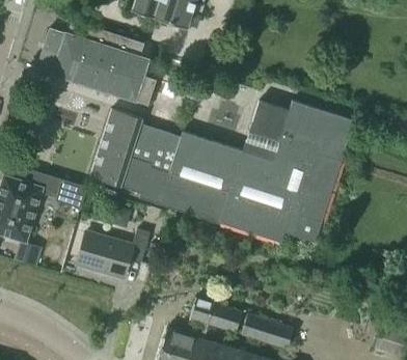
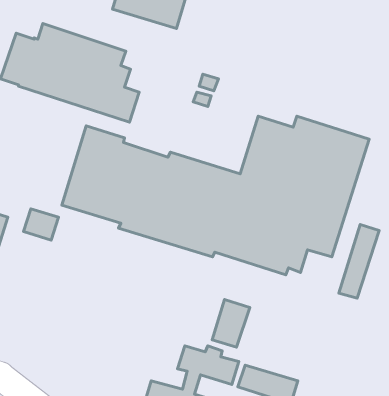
building: none -> [339,224,379,298]
building: [78,230,151,279] -> none
building: none -> [212,300,250,347]

